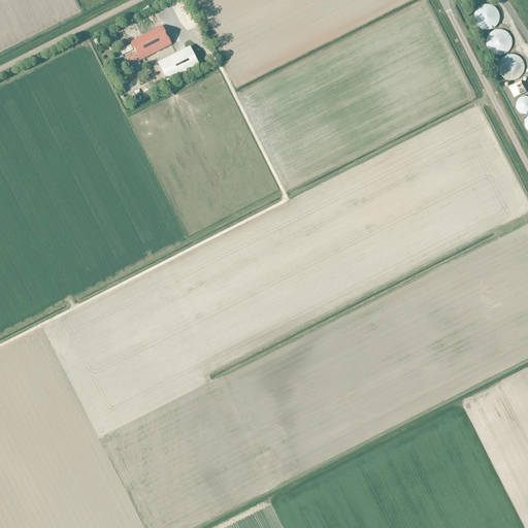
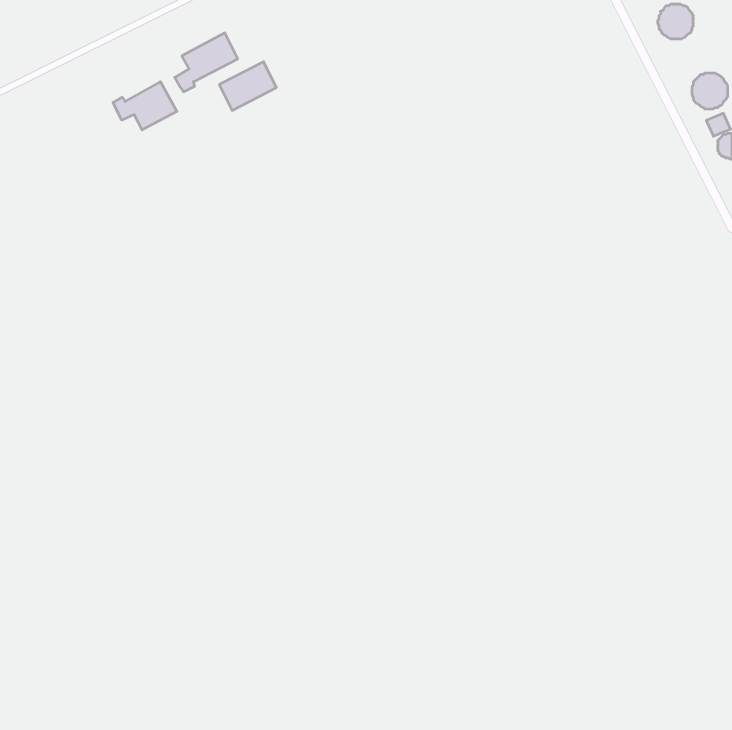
building: [486,28,512,54] -> none
building: none -> [113,82,177,130]

